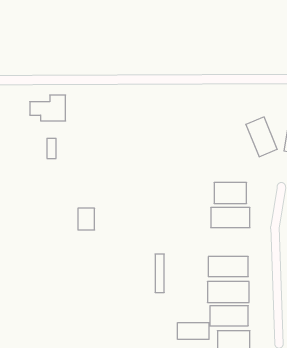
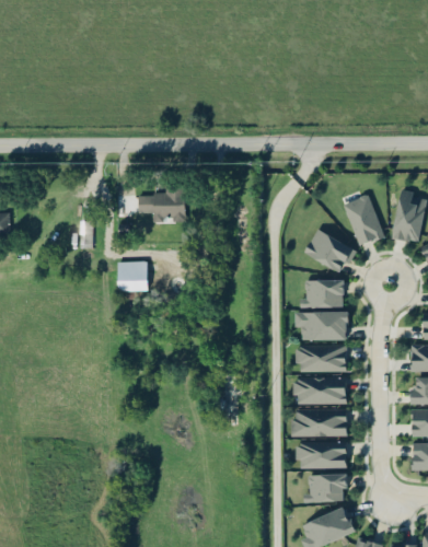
building: [30,95,66,121] -> [139,187,186,221]
building: none -> [305,230,356,275]
building: [78,208,95,230] -> [120,271,142,300]
building: none -> [296,346,346,372]
building: [178,323,209,339] -> none

